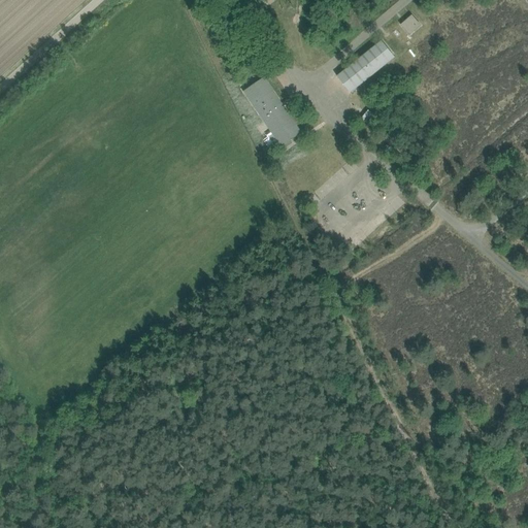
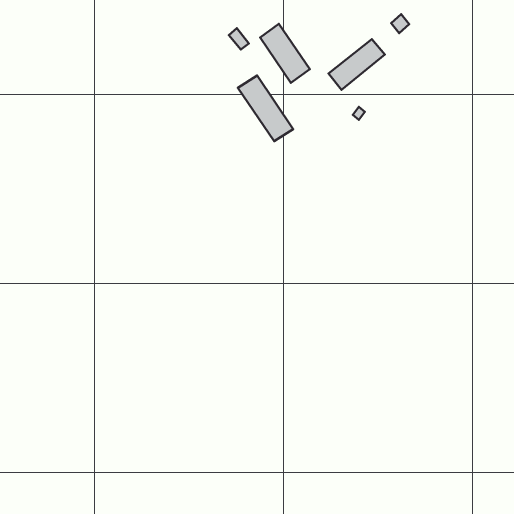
building: none -> [260,24,310,83]

